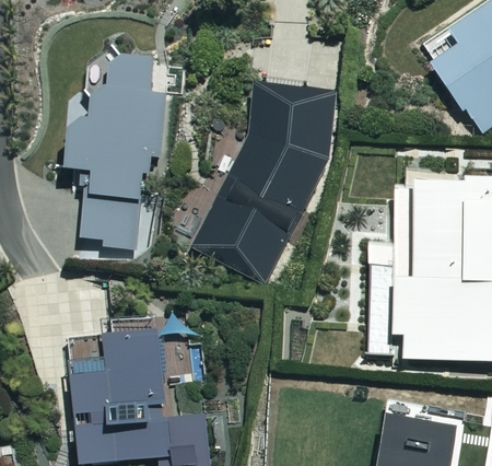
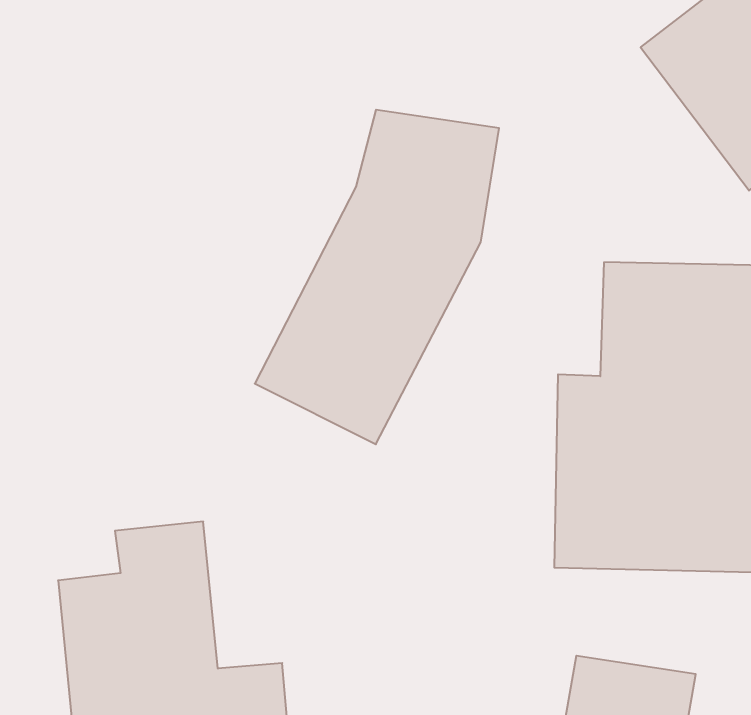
building: [69,49,169,251] -> none

